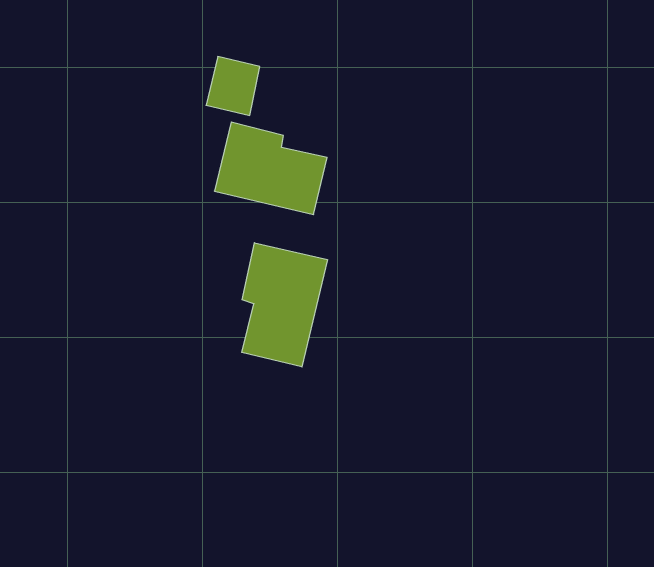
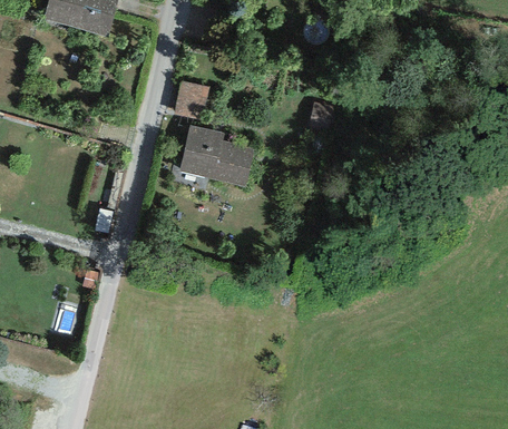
building: [242,243,327,367] -> none

